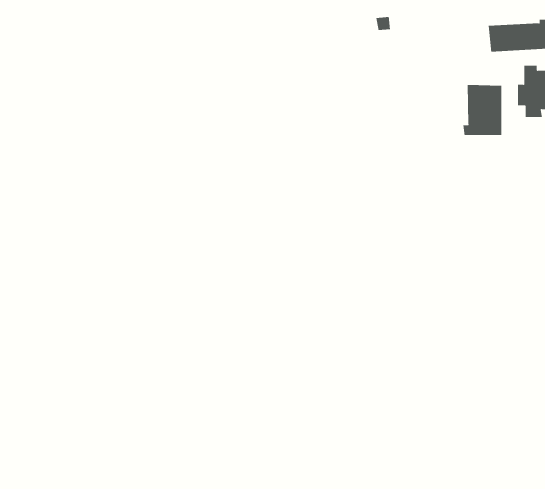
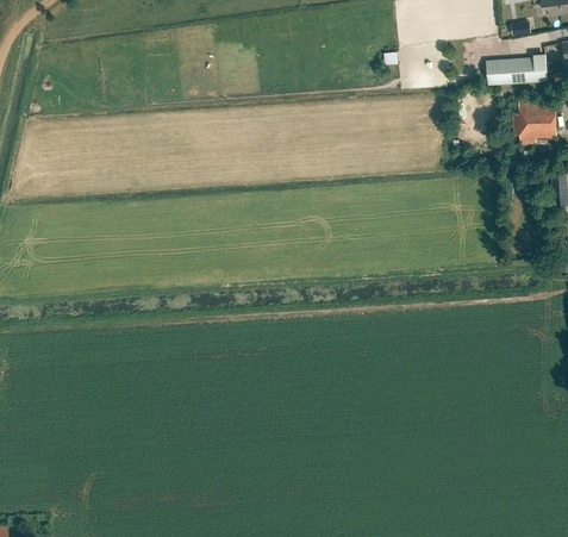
building: [463,84,502,136] -> none

